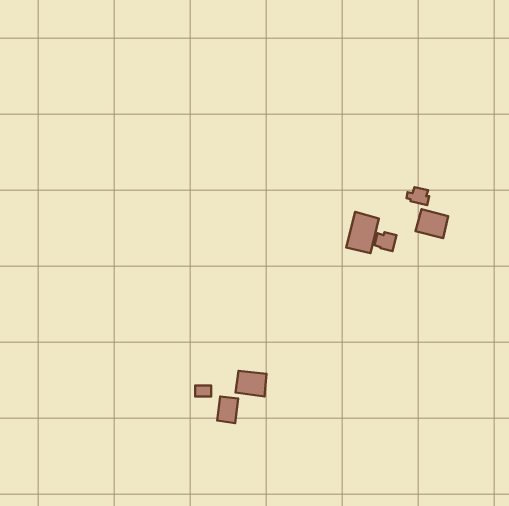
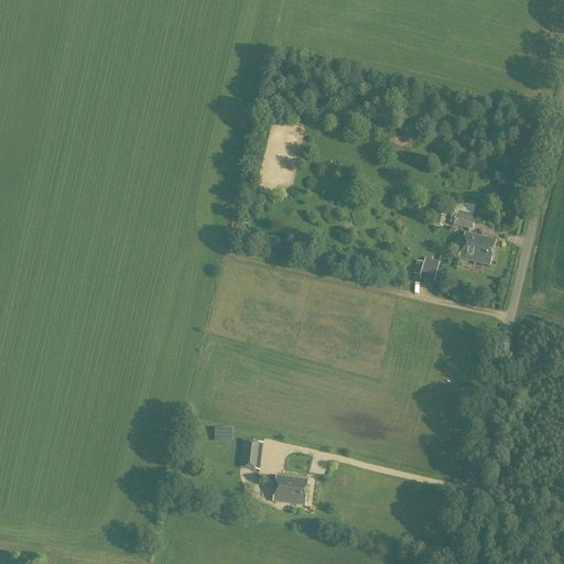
building: [346,212,379,253] -> none
building: [235,371,266,397] -> [273,475,307,503]

